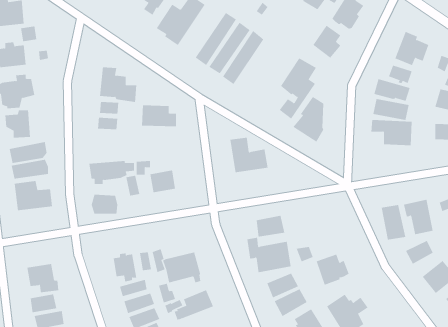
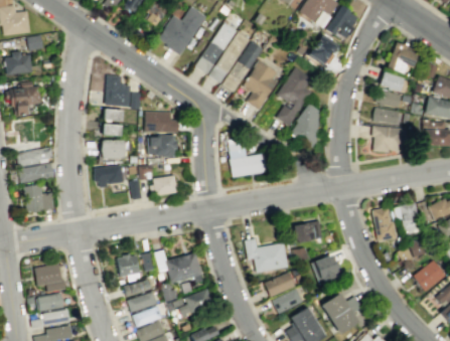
building: none -> [244,60,277,111]
building: none -> [148,135,177,156]
building: [91,194,118,214] -> [99,139,125,158]
building: [256,215,285,237] -> [294,220,322,241]

